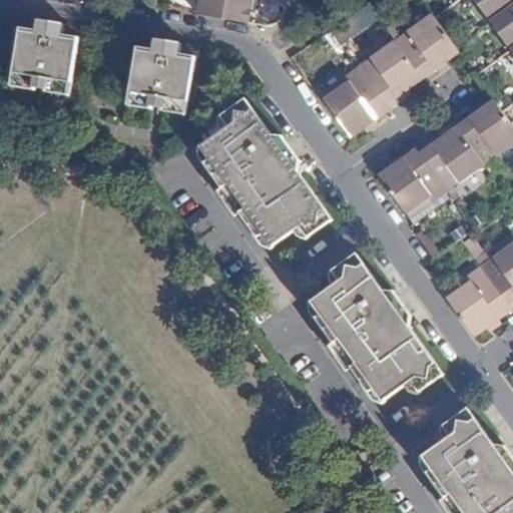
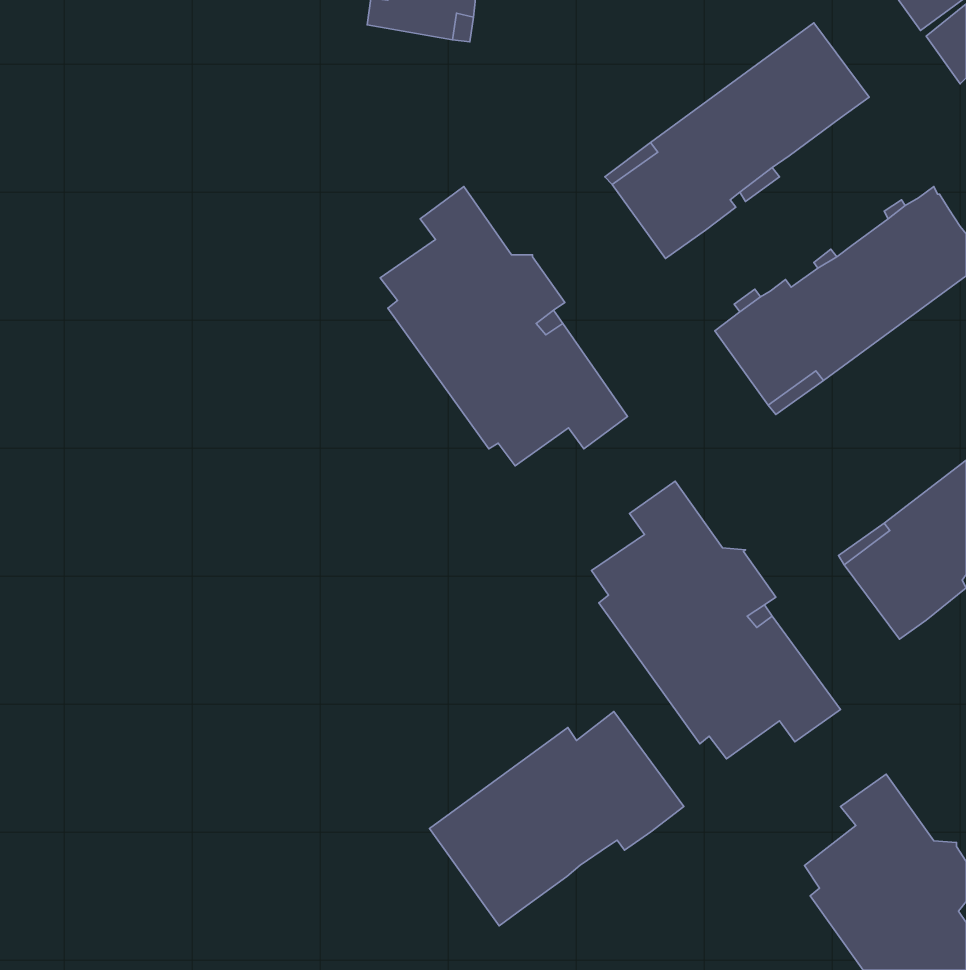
building: [10,21,77,96] -> none
building: [126,40,194,114] -> none
building: none -> [430,711,684,926]

